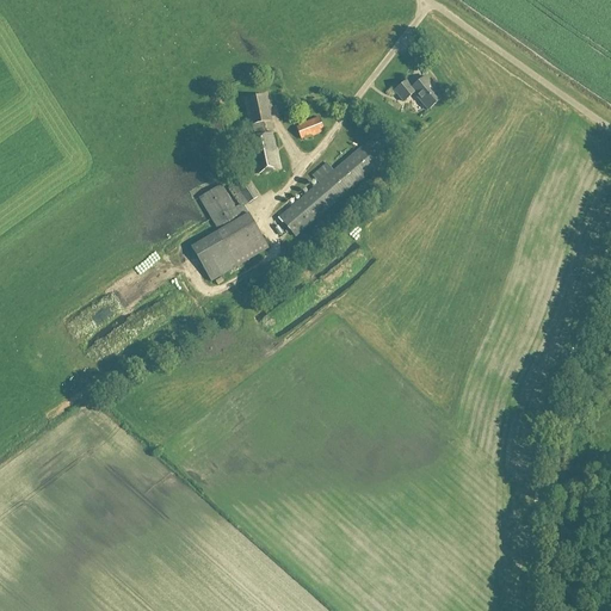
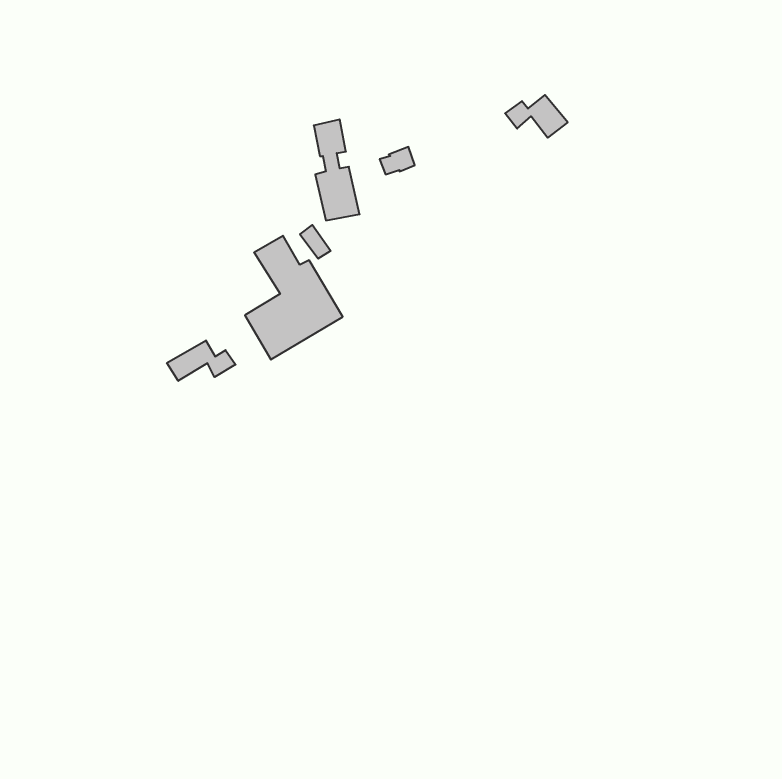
building: [278,144,378,234] -> none
building: none -> [167,340,236,381]

